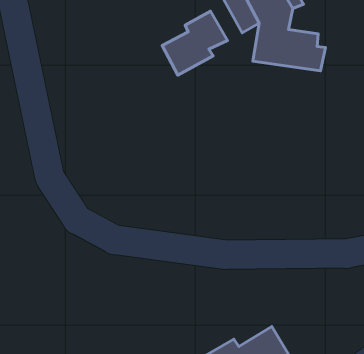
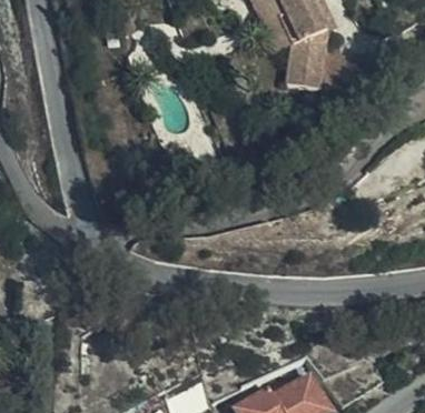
building: [162,11,227,75] -> none

